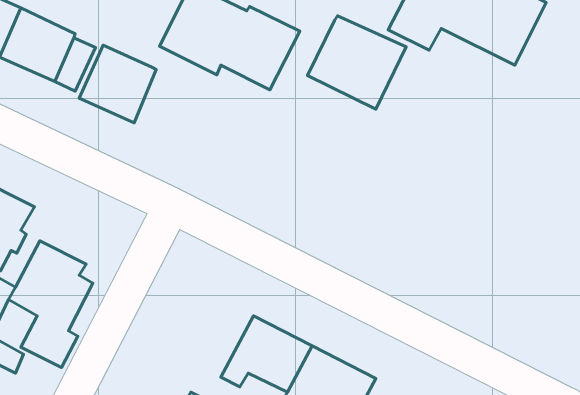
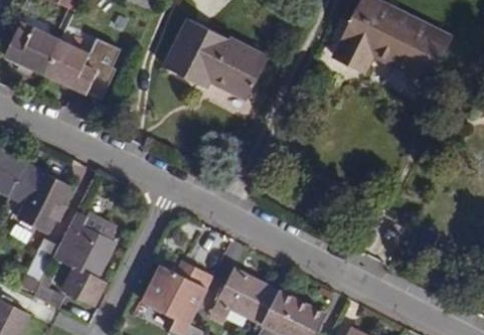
building: [308,16,406,109] -> none
building: [79,45,156,123] -> none
building: none -> [143,260,213,320]

